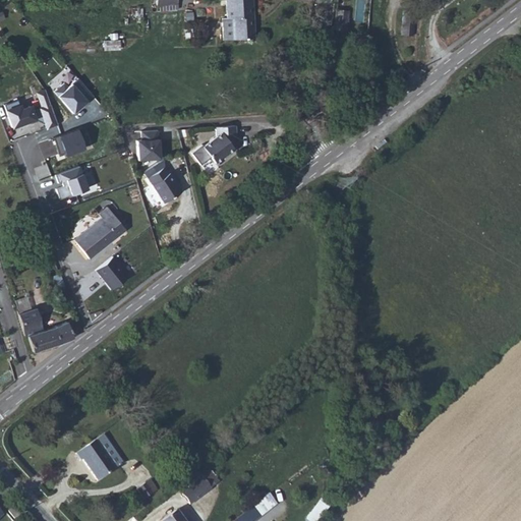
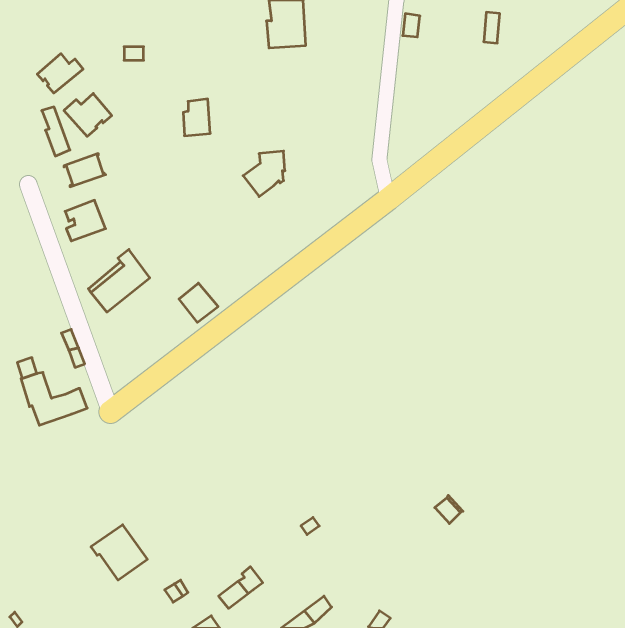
building: none -> [37,54,83,93]
building: [6,101,37,127] -> none
building: [138,129,161,160] -> [183,99,210,136]
building: [149,166,182,202] -> none
building: [97,256,129,289] -> [179,283,218,322]

